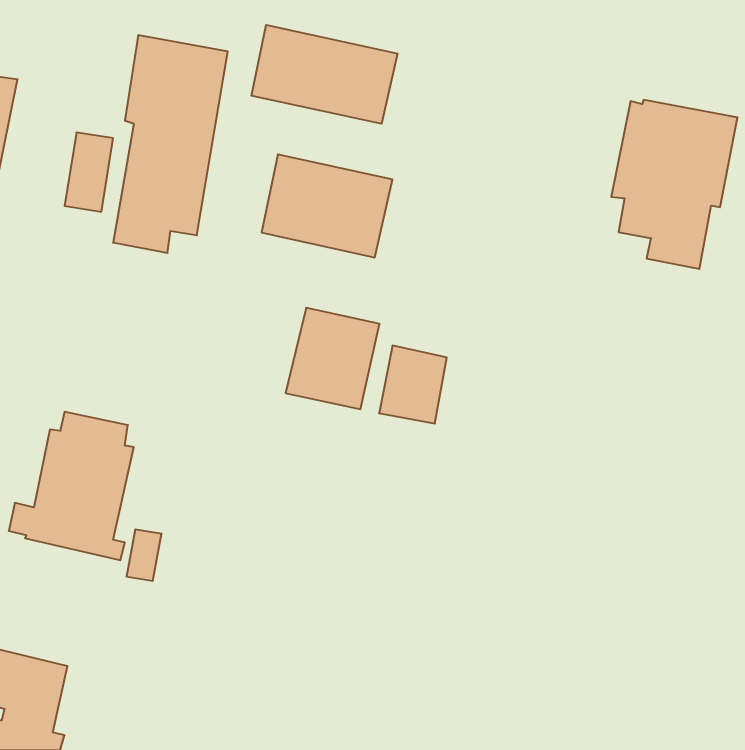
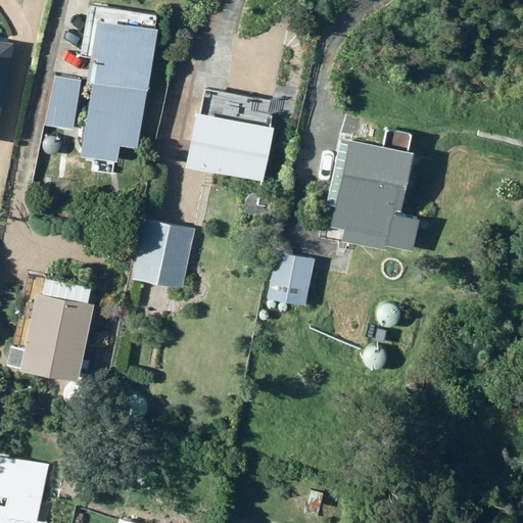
building: [251,25,398,124] -> none
building: [611,100,738,269] -> [323,121,411,238]
building: [286,308,380,409] -> [129,232,194,302]

